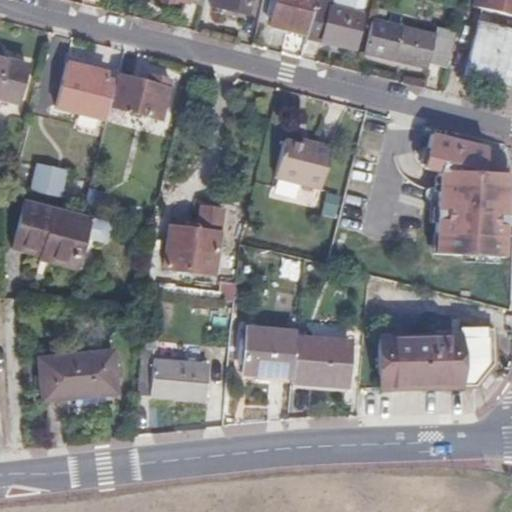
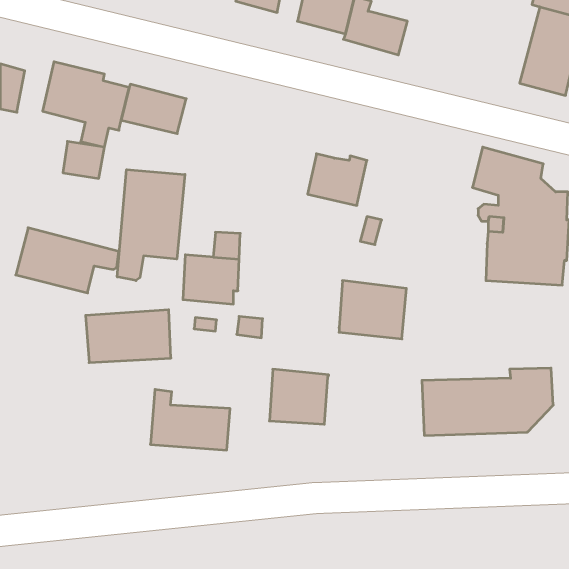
building: [367,18,459,67] -> none
building: none -> [117,170,185,281]
building: [33,160,70,193] -> [63,141,104,178]
building: [293,336,353,388] -> [339,281,406,339]
building: [39,359,115,406] -> [86,310,171,363]

